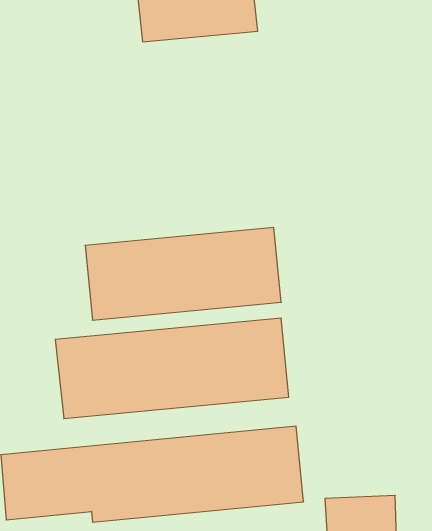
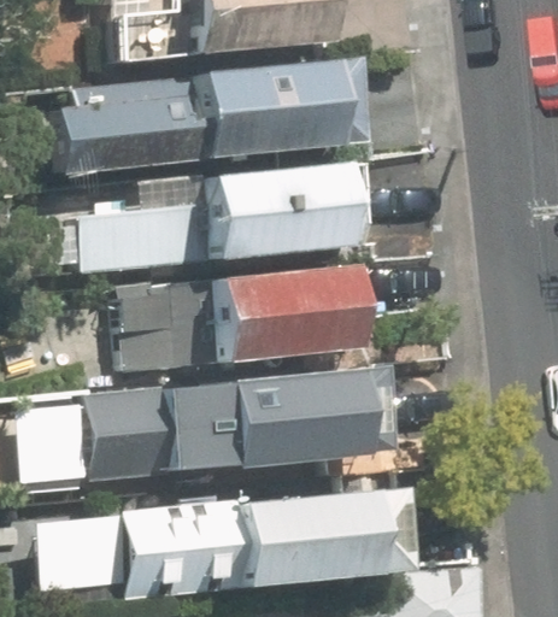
building: none -> [51,58,322,174]
building: none -> [83,168,331,274]

